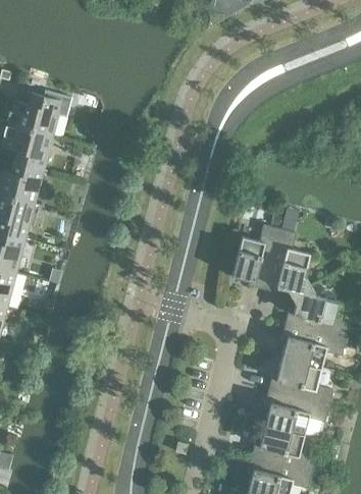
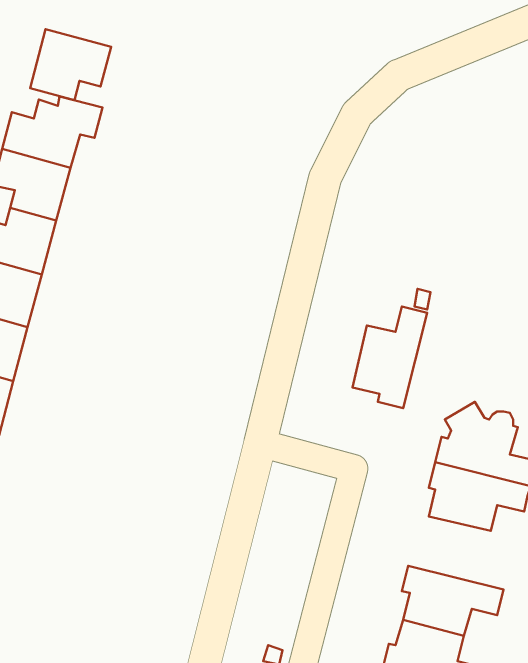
building: none -> [30,29,111,100]
building: [263,229,309,297] -> none
building: [266,360,331,406] -> none

